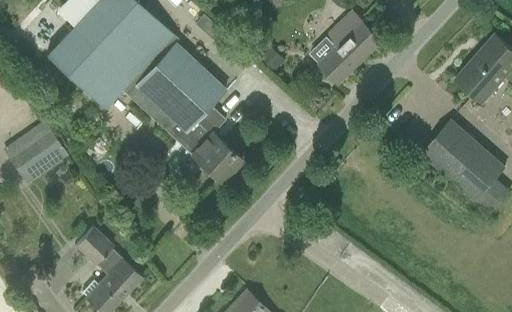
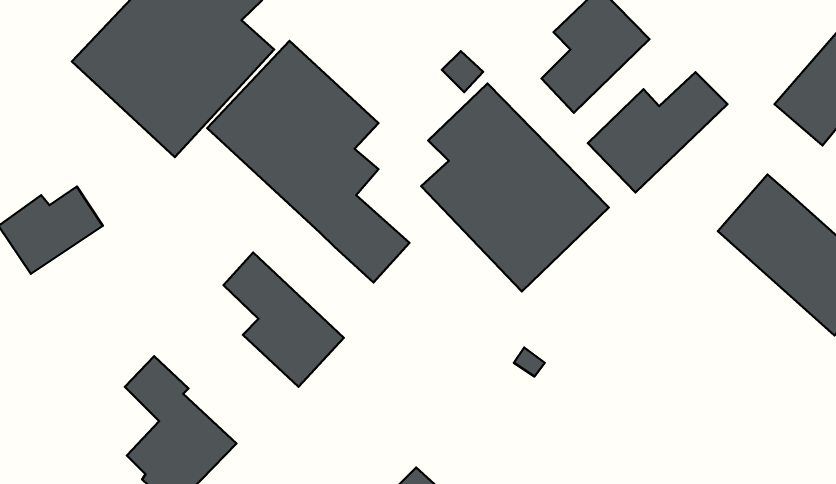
building: none -> [588,72,728,193]
building: none -> [421,84,609,292]
building: none -> [223,253,344,387]

